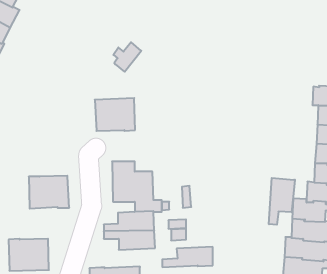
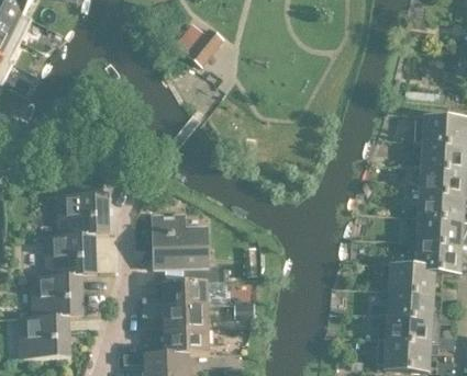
building: [113,42,141,72] -> [186,27,222,66]
building: [95,98,135,131] -> [56,192,109,235]
building: [269,178,295,225] -> none
building: none -> [31,274,84,317]
building: [162,247,213,267] -> [143,328,209,354]

